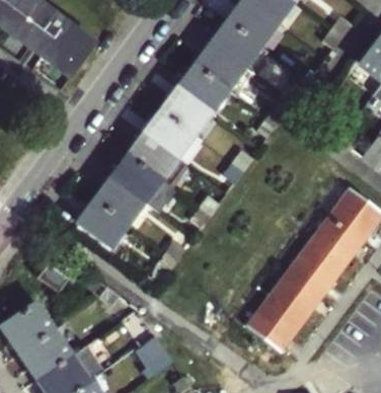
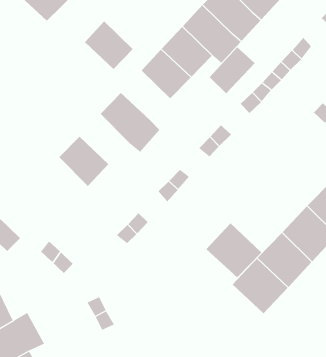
building: none -> [209,47,255,94]
building: [145,110,192,155] -> [84,21,134,70]
building: [111,155,158,201] -> none
building: [78,200,125,245] -> none
building: [248,299,301,349] -> [206,223,262,278]

